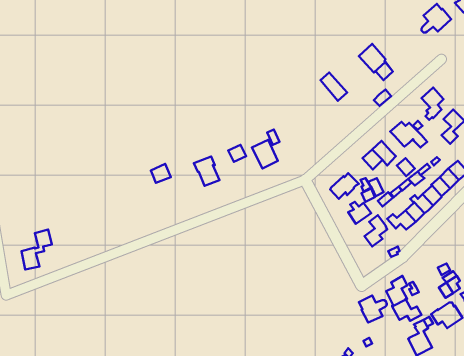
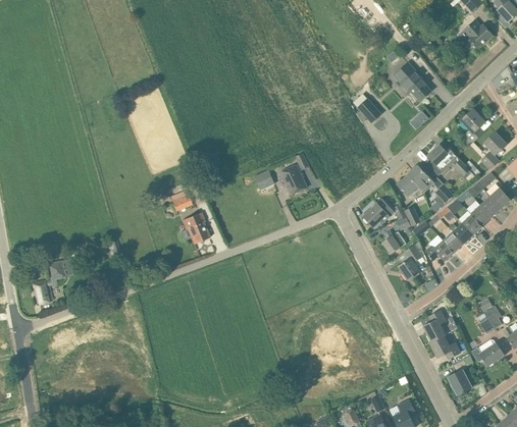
building: [194,157,220,186] -> [183,213,210,245]
building: [359,296,387,322] -> none

